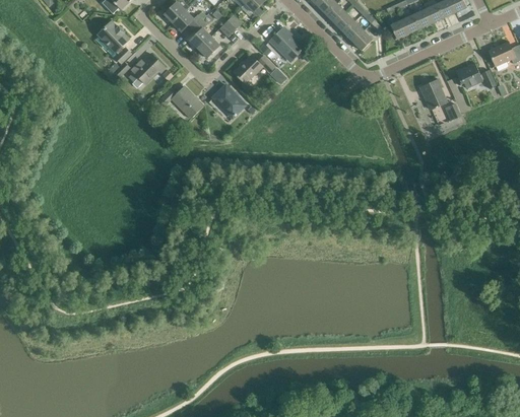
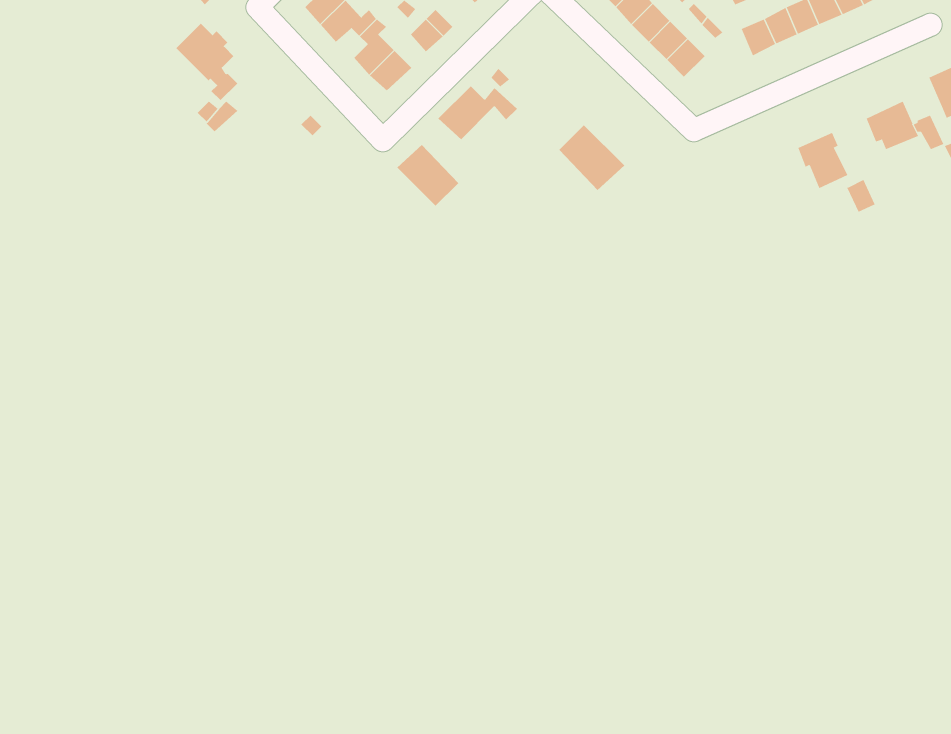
building: [269,27,304,62] -> [559,124,625,191]
building: [127,55,165,87] -> none
building: [158,86,202,119] -> none

